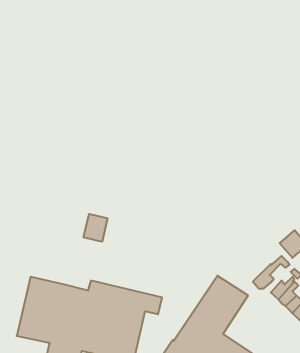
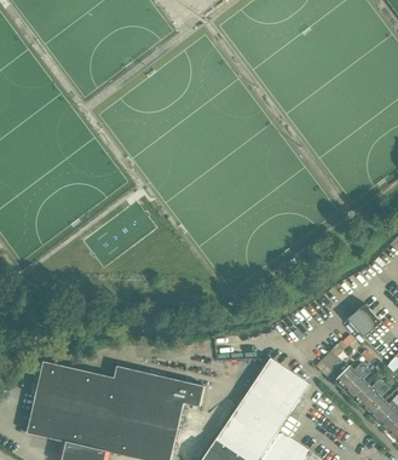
building: [84,214,108,242] -> none

